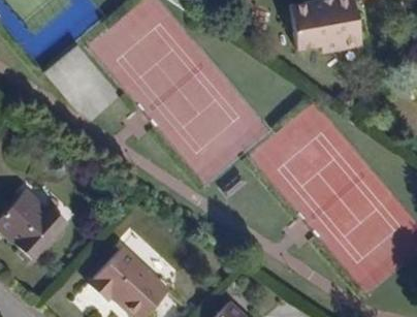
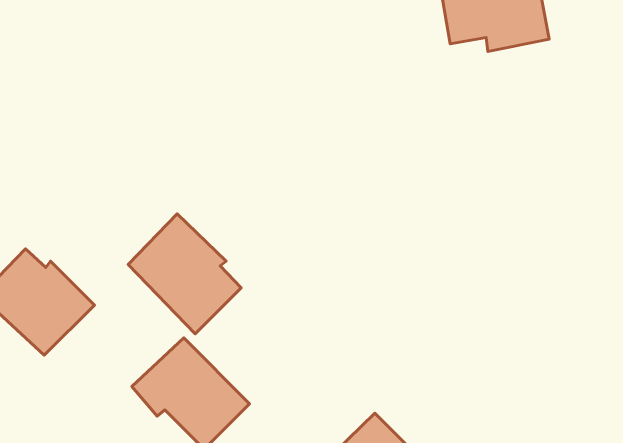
building: none -> [128,214,241,334]

